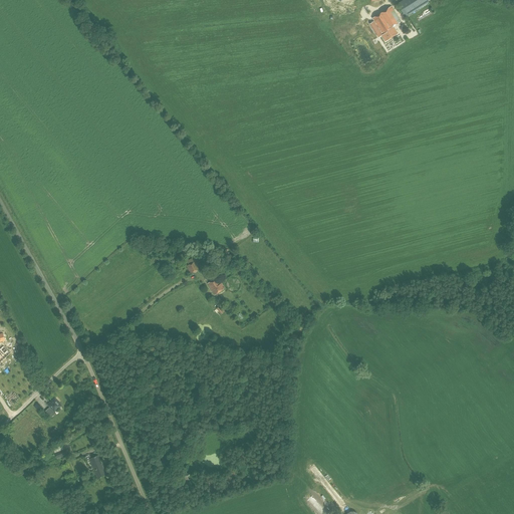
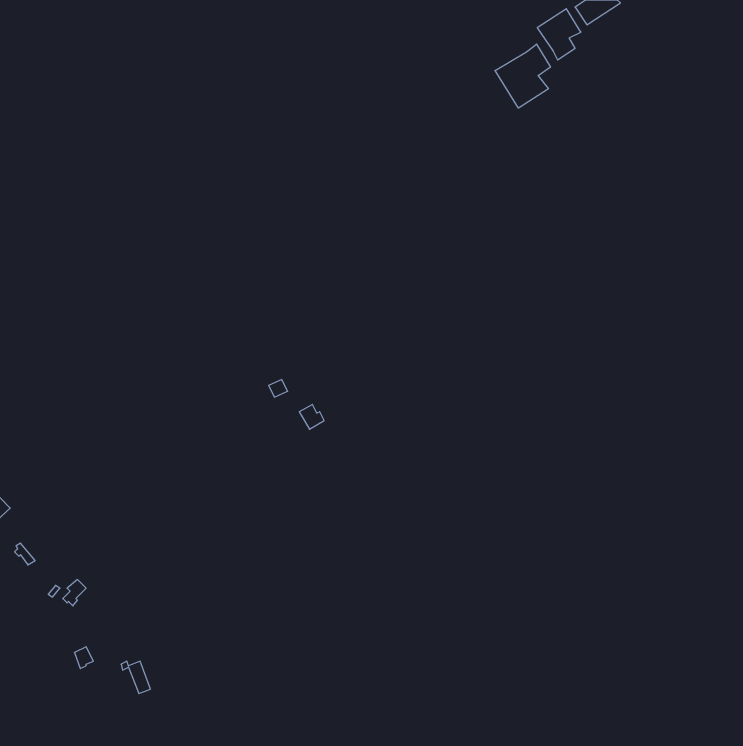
building: none -> [495,44,550,108]

